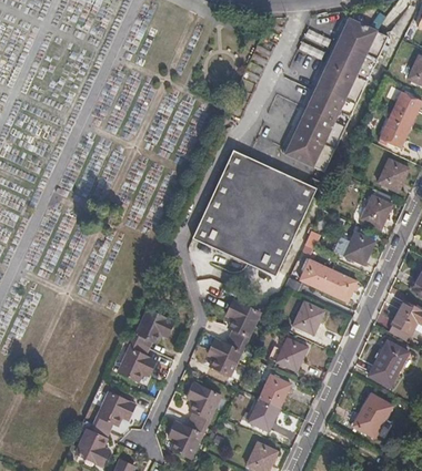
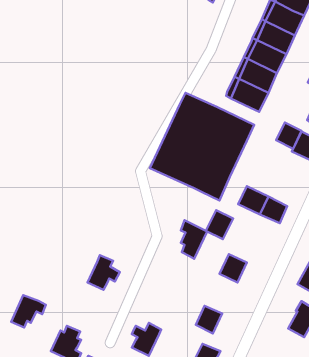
building: [343,233,373,264] -> [276,122,302,149]
building: [292,300,324,335] -> [206,210,233,239]
building: [133,307,174,346] -> none
building: [210,336,244,373] -> none
building: [257,375,289,408] -> none
building: [189,382,221,427] -> none
building: [94,391,135,429] -> [11,295,46,327]

